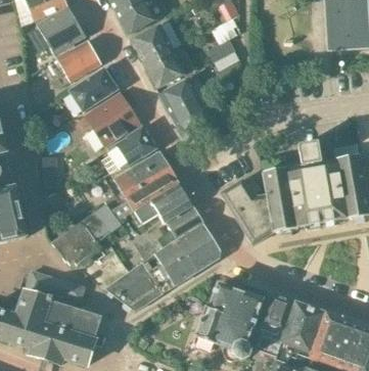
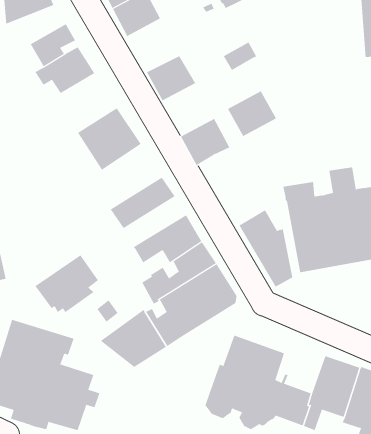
building: [36,6,77,39] -> none
building: [132,21,181,62] -> none
building: [70,67,118,112] -> none
building: [159,78,201,117] -> [227,91,277,137]
building: [108,127,156,170] -> none
building: [89,167,178,237] -> none
building: [261,291,294,332] -> none

